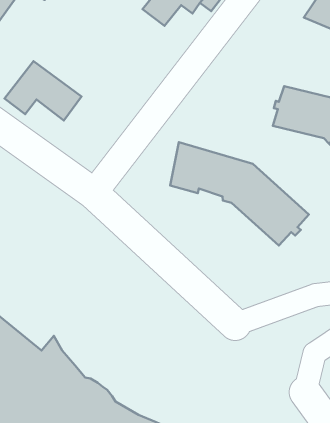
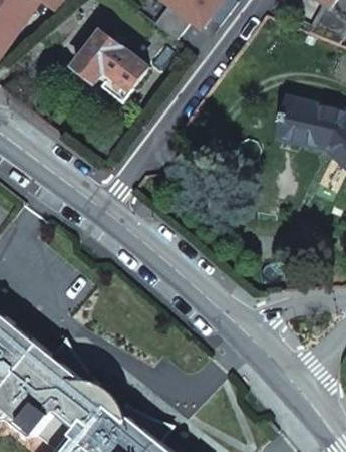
building: [4,61,81,120] -> [72,33,146,90]
building: [170,142,309,246] -> none

